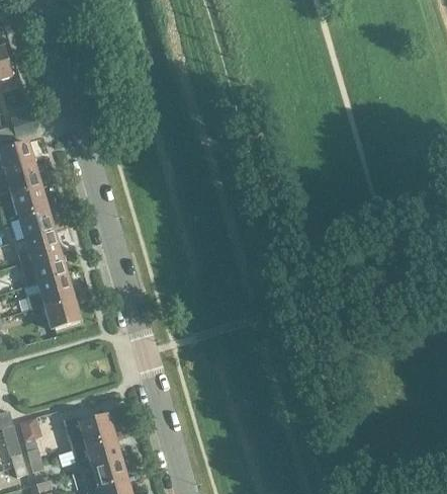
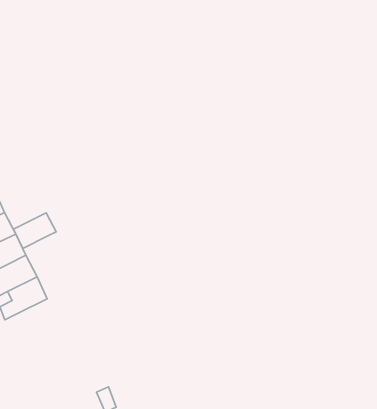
building: none -> [13,213,56,249]
building: [43,297,81,329] -> none

